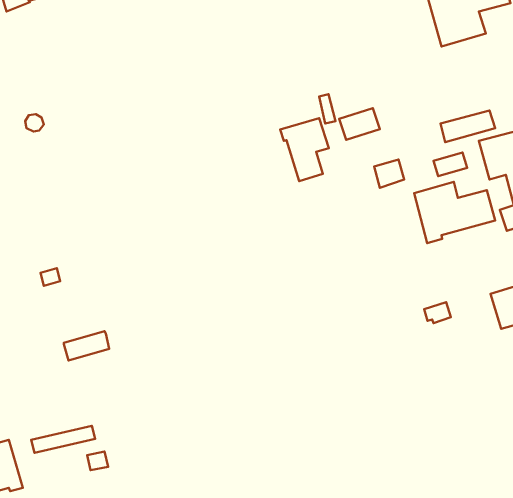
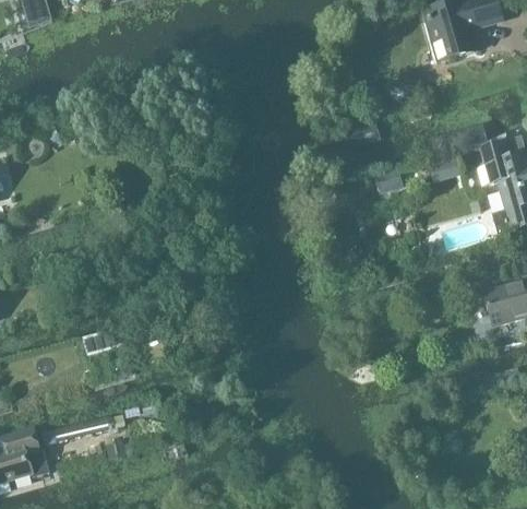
building: [280,118,329,181] -> none
building: [414,182,495,243] -> none

